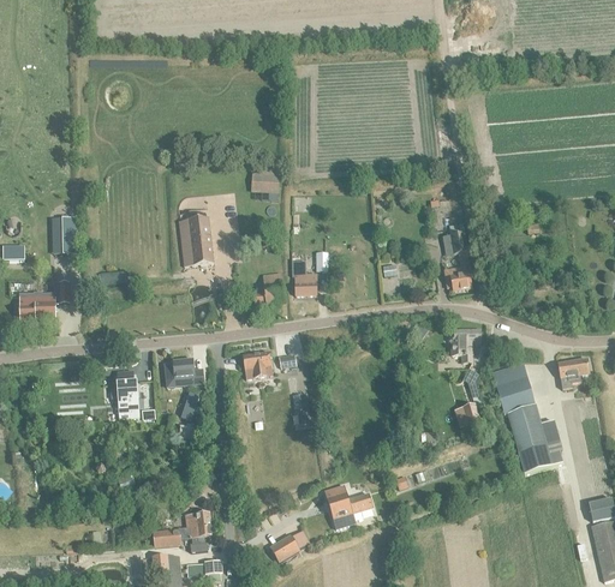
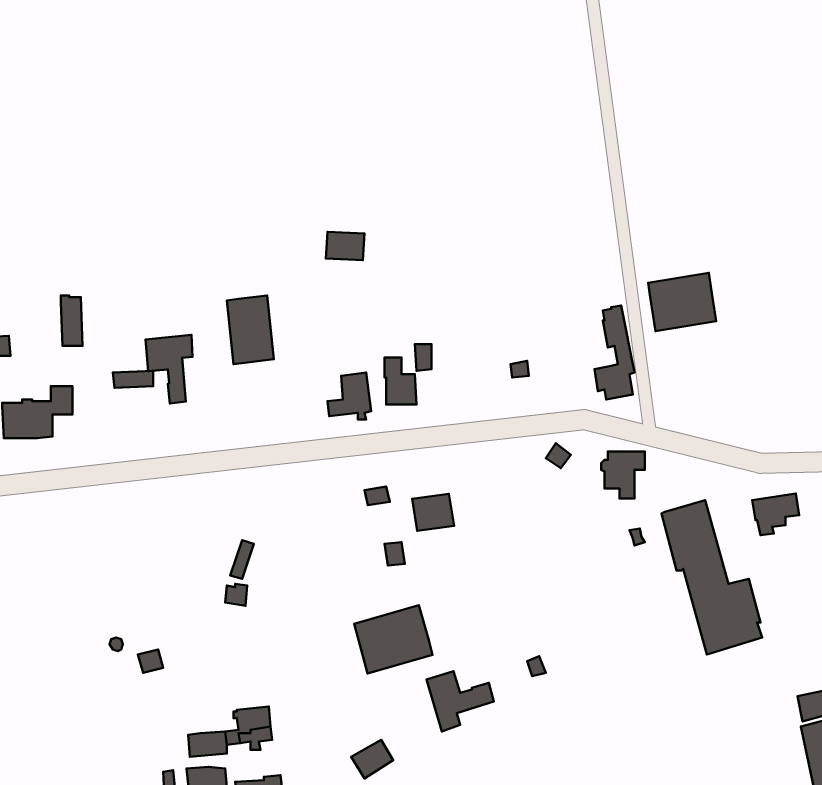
building: none -> [648,273,716,331]
building: none -> [145,335,193,403]
building: [241,351,271,377] -> [412,494,454,531]
building: [165,359,204,383] -> none
building: [112,371,138,412] -> none
building: none -> [354,605,433,674]

